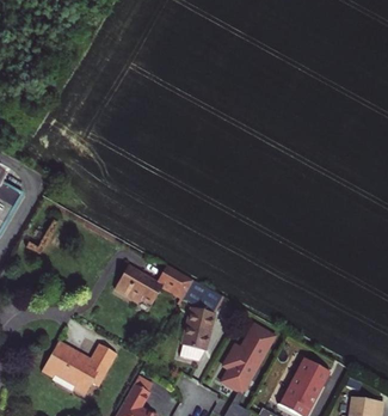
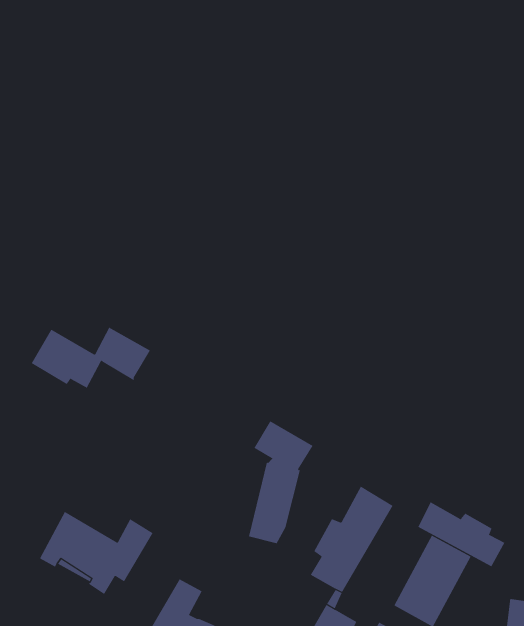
building: [115,264,193,305] -> [31,327,151,389]
building: none -> [418,502,505,567]

